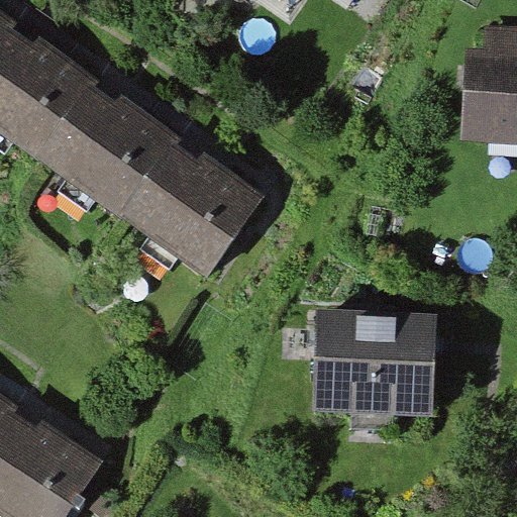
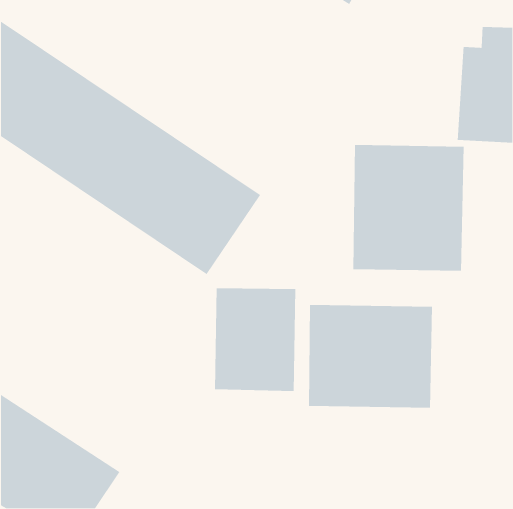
building: none -> [352,144,464,272]
building: none -> [214,288,296,392]

